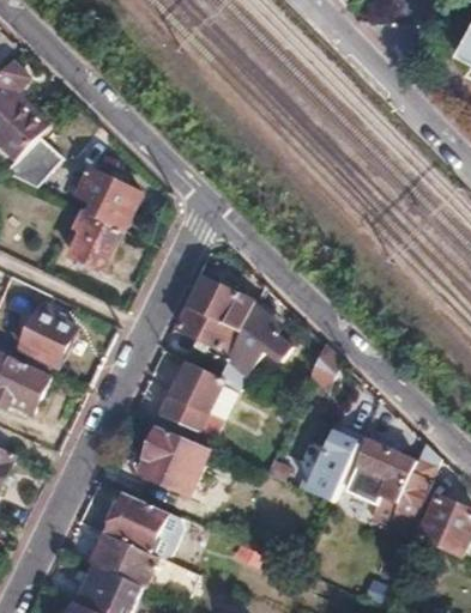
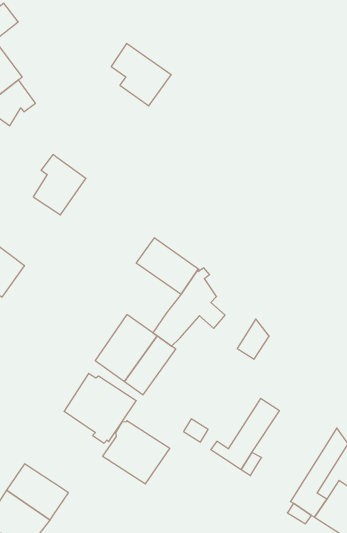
building: [77,166,140,227] -> [111,43,171,106]
building: [179,306,240,353] -> none
building: [351,443,416,528] -> none
building: [99,490,168,552] -> [103,421,170,484]

